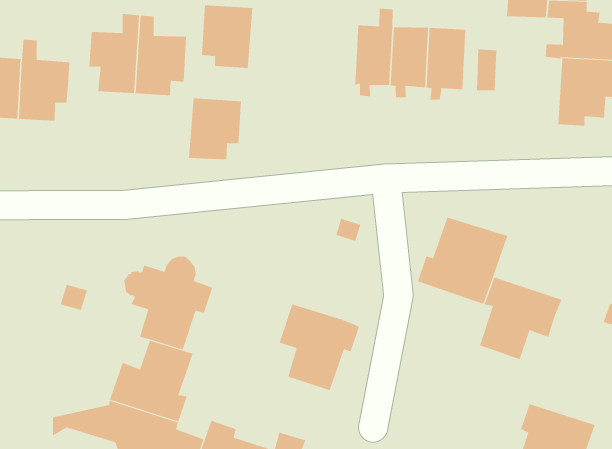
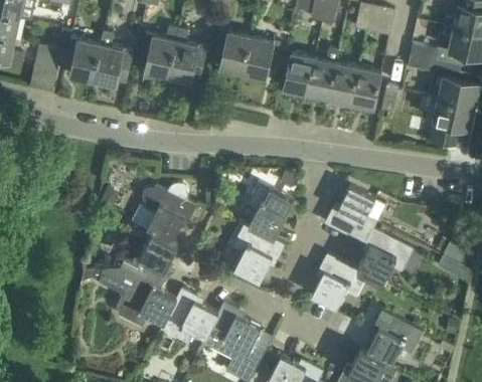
building: none -> [284,52,314,99]
building: [188,98,242,160] -> [242,36,281,78]
building: none -> [247,183,299,239]
building: none -> [311,254,368,310]

